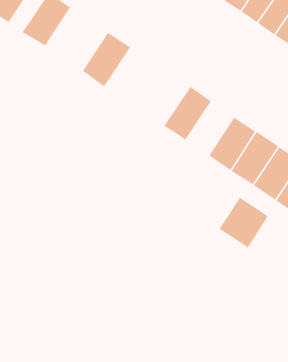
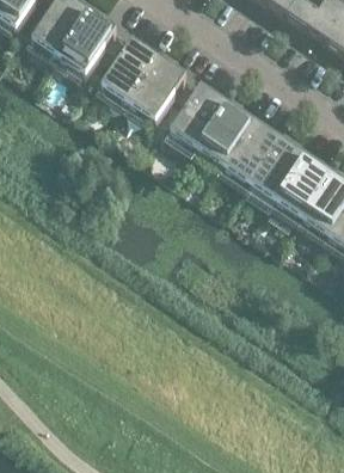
building: none -> [56,11,113,75]
building: none -> [125,57,184,122]
building: none -> [167,85,226,149]
building: none -> [221,121,278,184]
building: [219,197,268,249] -> none

